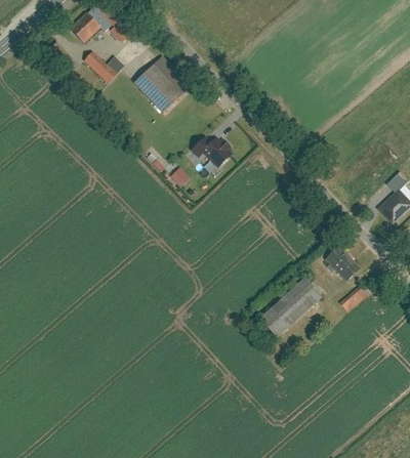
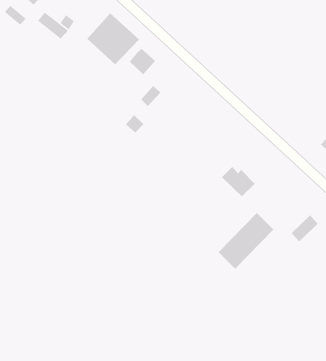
building: [204,138,233,167] -> [129,48,156,75]
building: [322,247,358,281] -> [221,166,255,197]

